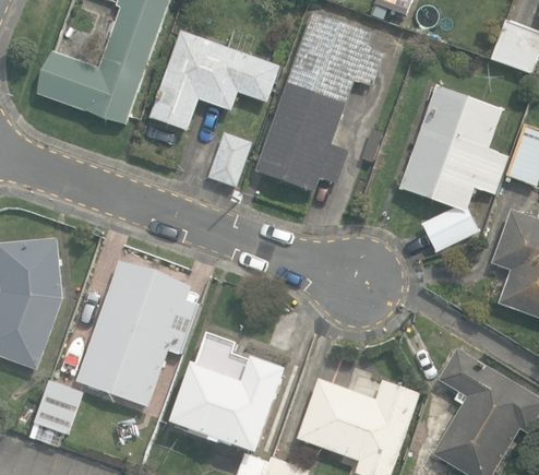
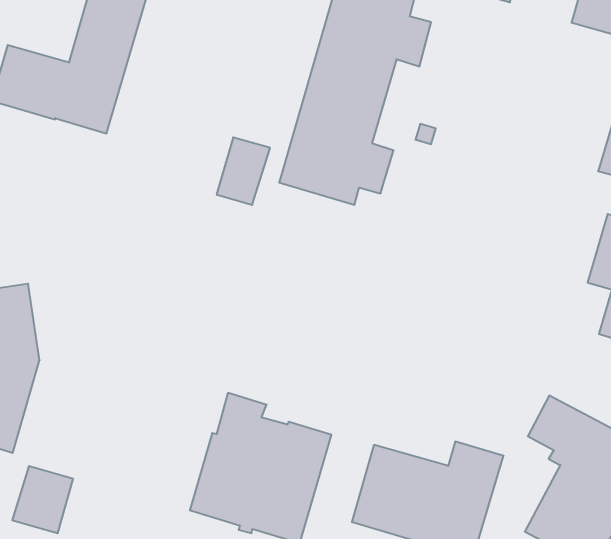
building: [149,31,280,131] -> none
building: [400,86,506,251] -> none
building: [76,260,199,406] -> none

